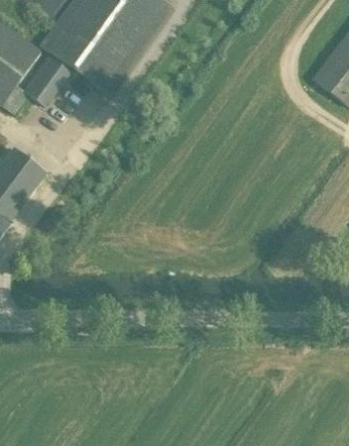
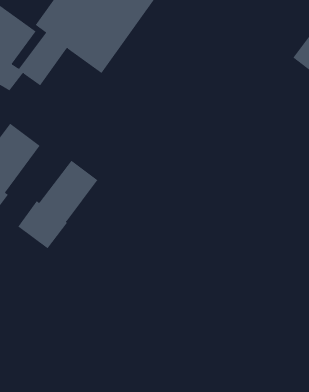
building: none -> [17,160,98,249]

